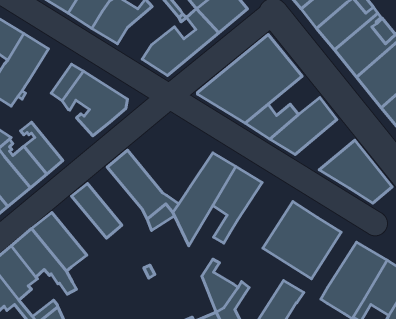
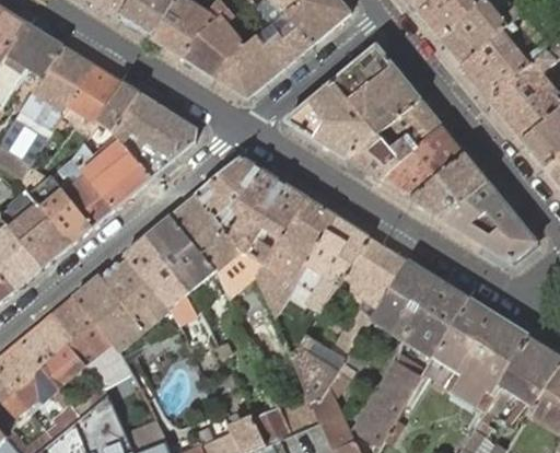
building: none -> [183,10,245,78]
building: none -> [63,65,124,123]
building: none -> [376,100,443,150]
building: none -> [72,142,151,208]
building: none -> [411,155,488,220]
building: none -> [196,158,305,264]
building: none -> [144,217,214,291]
building: none -> [327,236,408,362]
building: none -> [98,254,168,329]
building: none -> [424,300,490,386]

